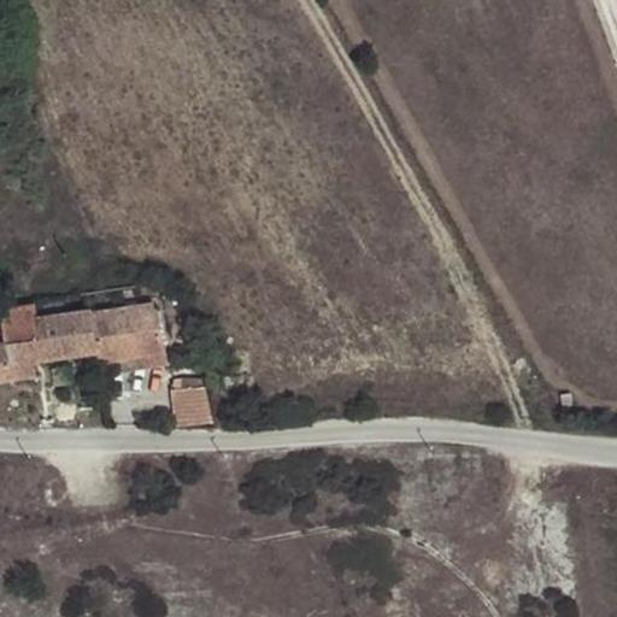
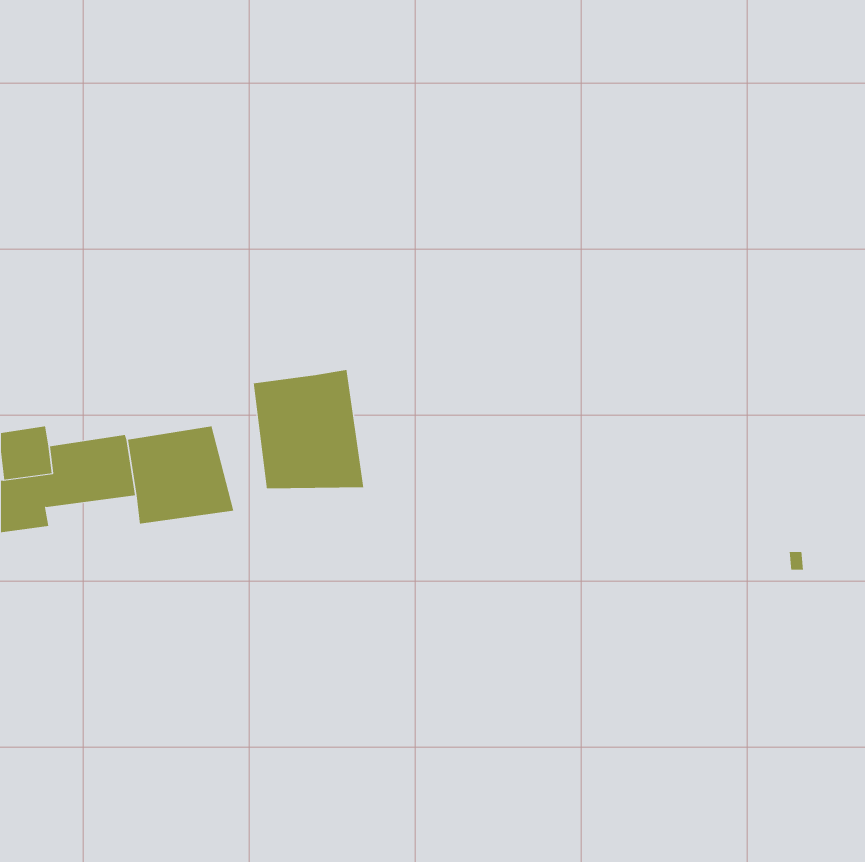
building: none -> [253,369,364,489]
building: [171,388,213,423] -> none

